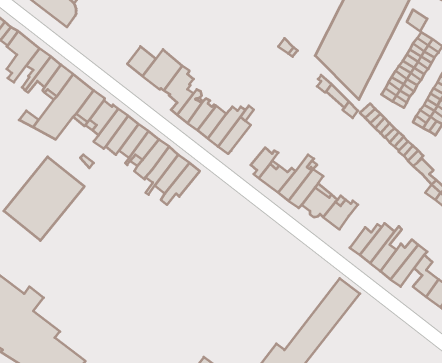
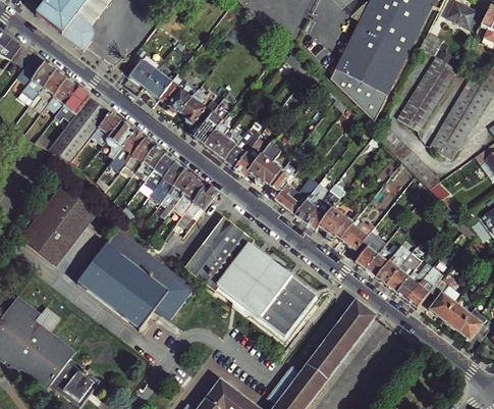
building: none -> [128,47,157,86]
building: none -> [248,144,281,187]
building: none -> [184,218,317,341]
building: none -> [76,225,194,327]
building: none -> [350,238,386,269]

